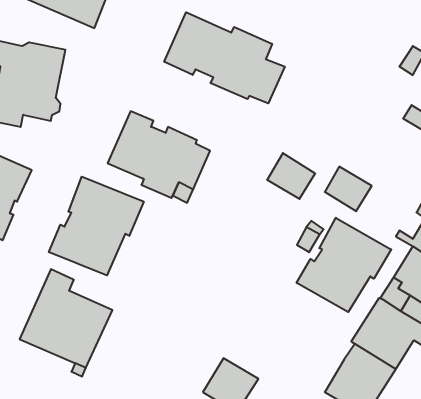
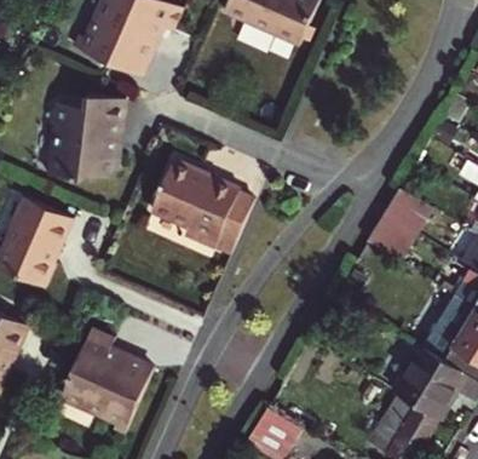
building: [164,12,285,103] -> none
building: [267,153,315,199] -> [384,189,432,235]
building: [49,177,144,275] -> none
building: [297,218,391,312] -> none

